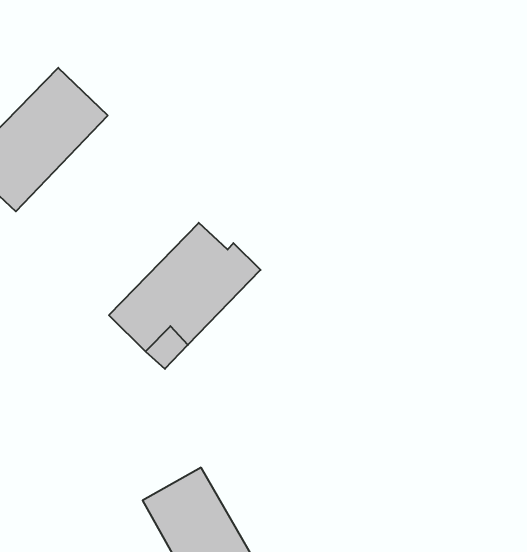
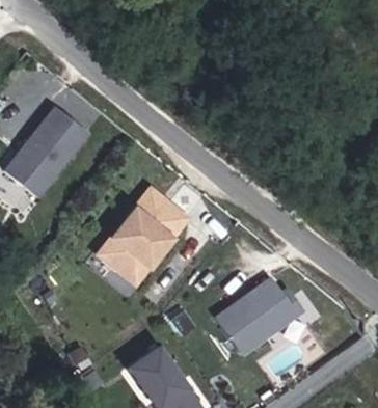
building: none -> [216,279,302,354]

